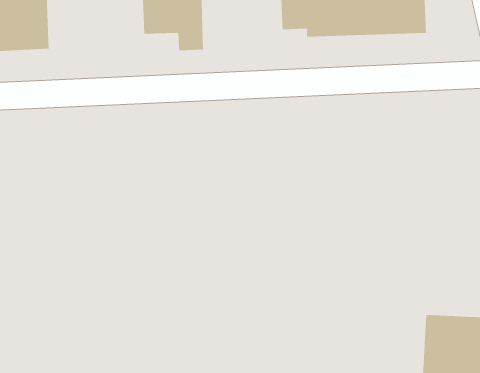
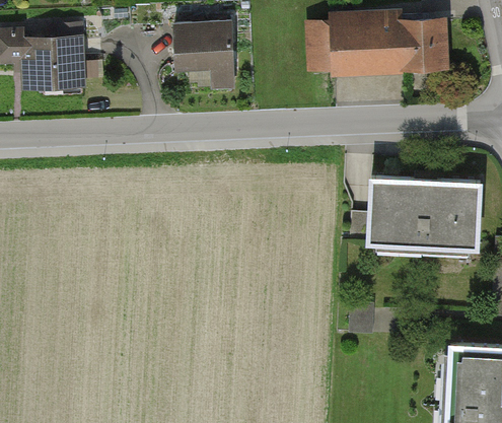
building: none -> [370,172,488,246]

